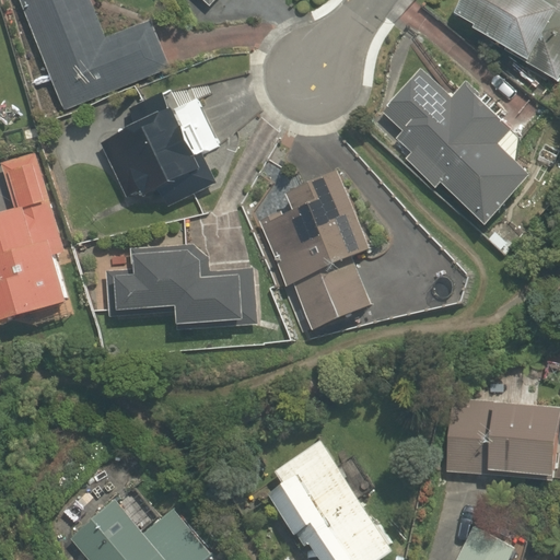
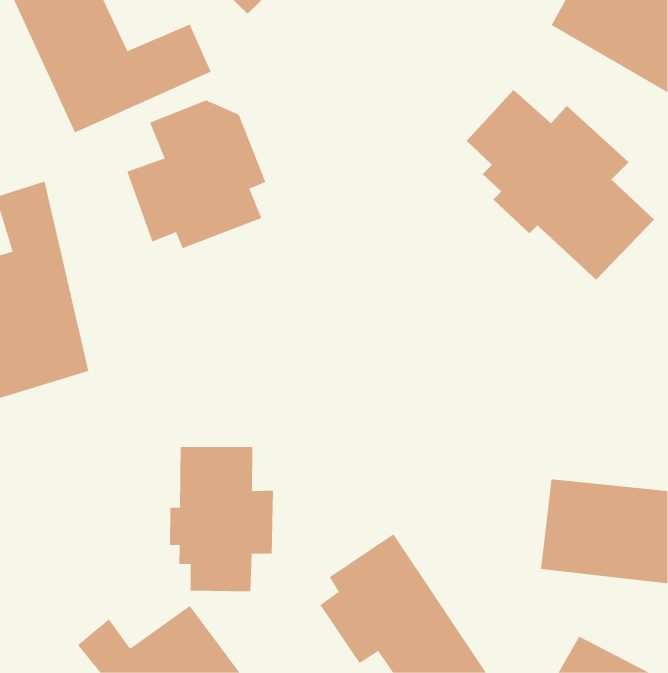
building: [248,167,385,345] -> none
building: [98,244,253,327] -> none
building: none -> [169,446,274,592]

